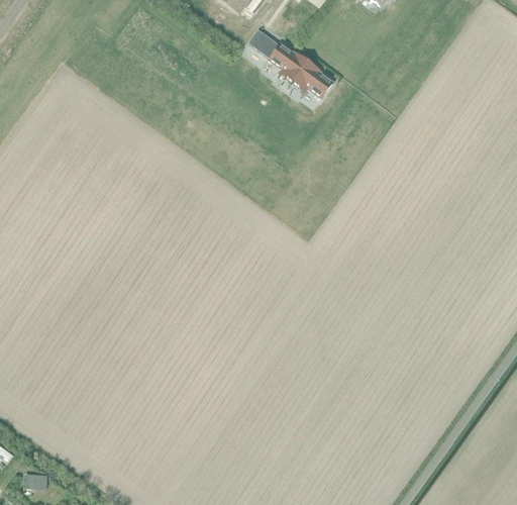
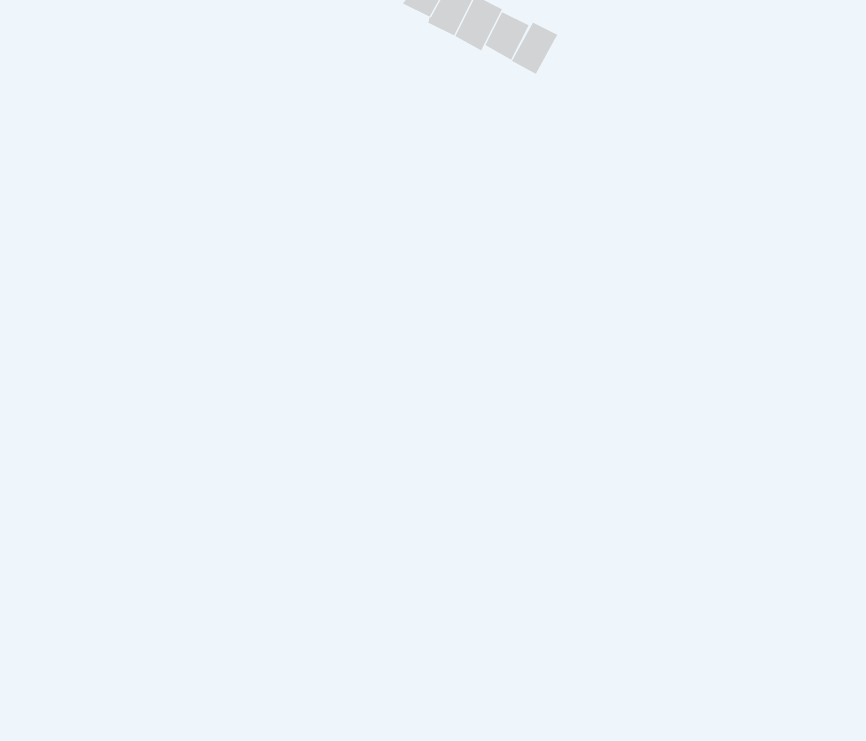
building: none -> [511,22,558,76]

